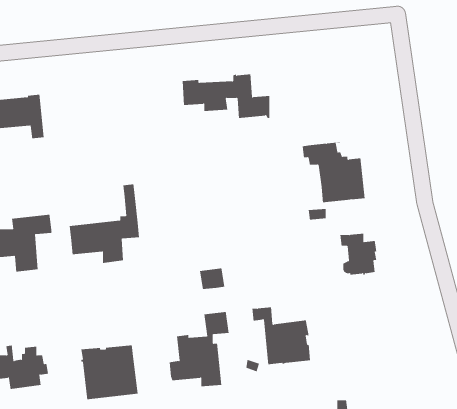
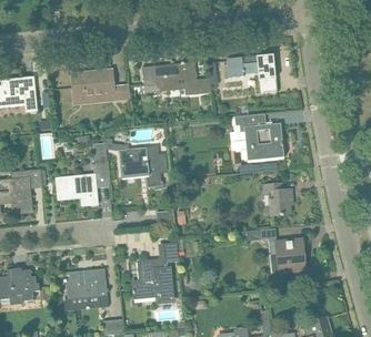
building: none -> [227,53,278,93]
building: none -> [71,70,130,103]
building: none -> [120,145,167,186]
building: [252,307,311,365] -> [260,228,305,273]

